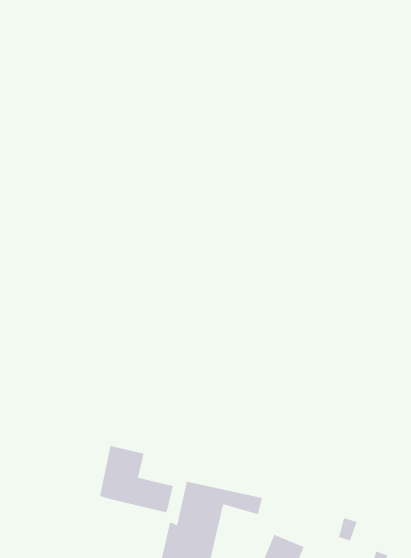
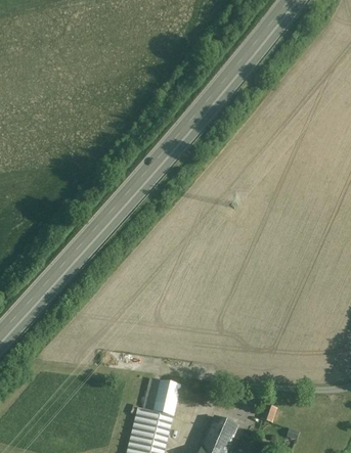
building: [99,445,174,513] -> none

